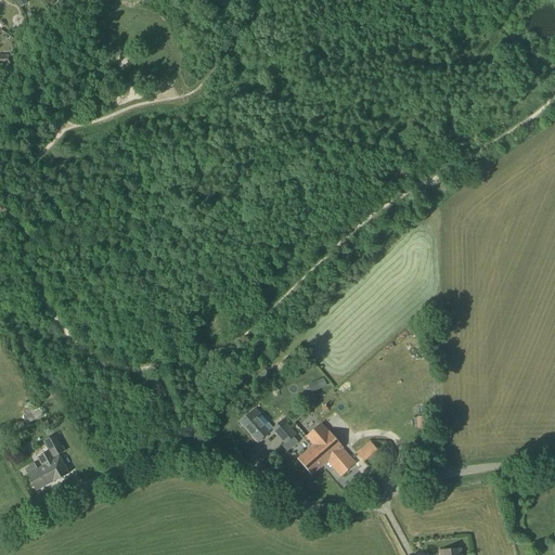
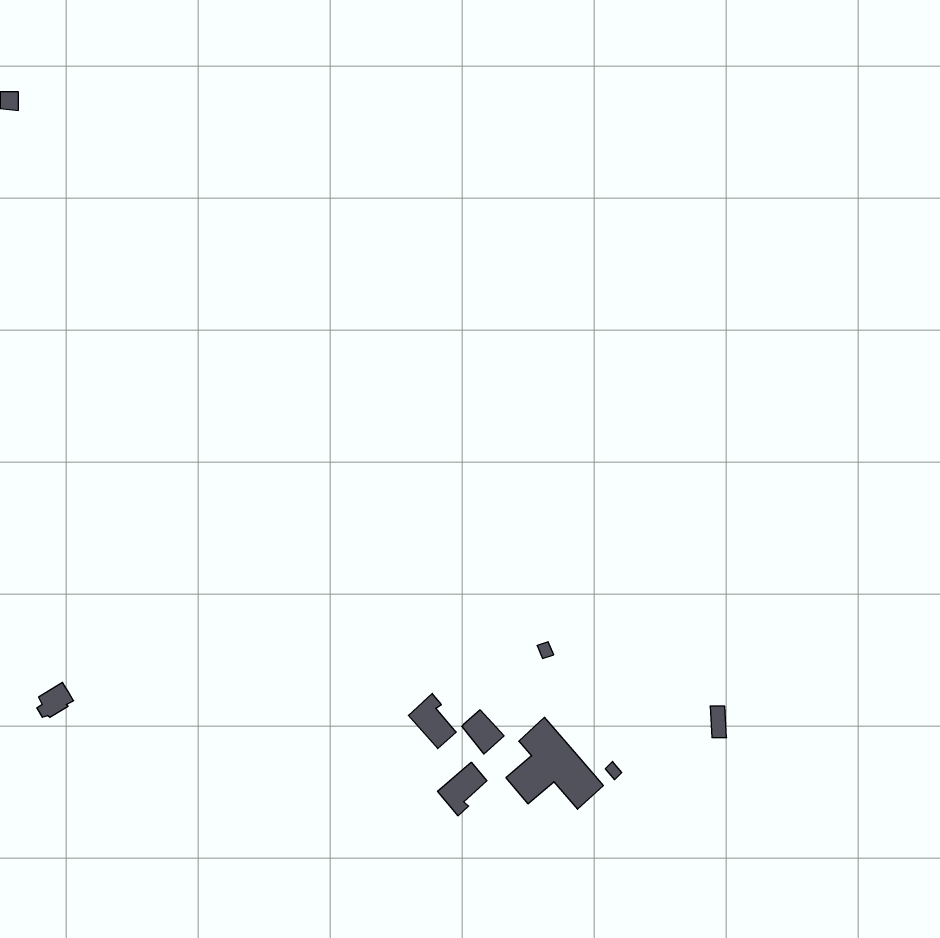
building: [27,434,68,490] -> none
building: none -> [438,762,487,816]

